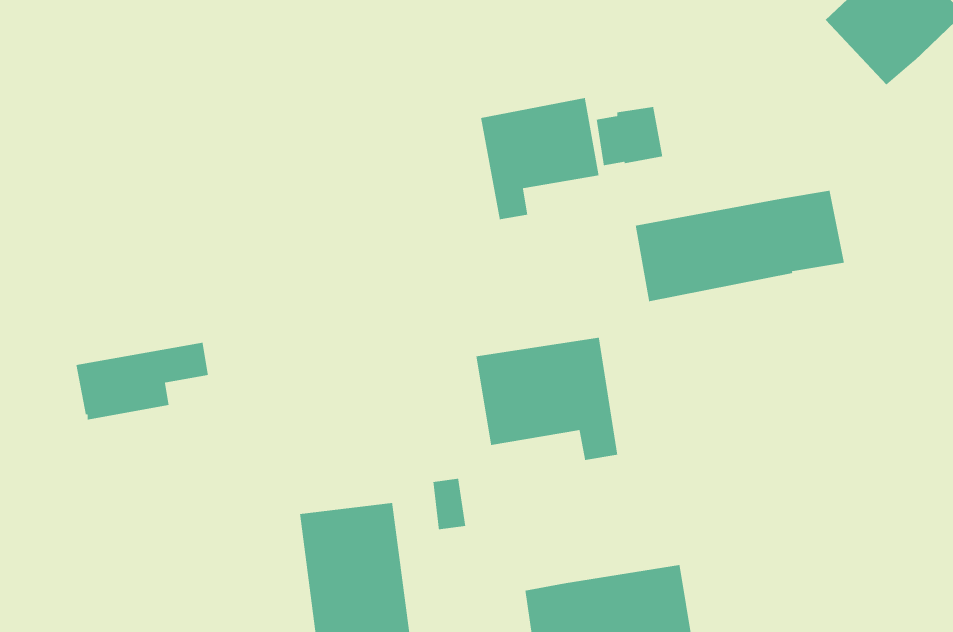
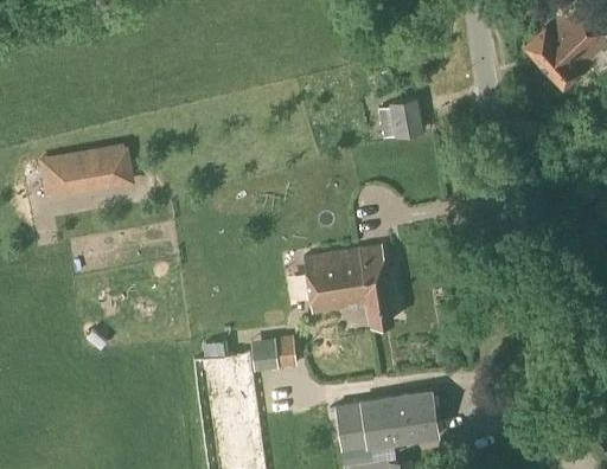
building: [480,97,599,220] -> none
building: [635,190,845,302] -> none
building: [76,342,209,421] -> [44,147,128,197]

